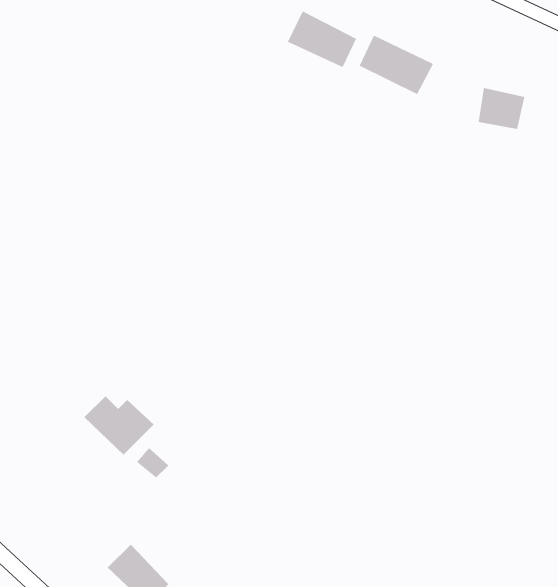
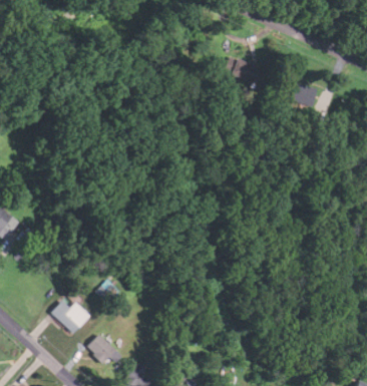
building: [287,11,357,68] -> none
building: [83,395,155,456] -> [50,300,89,333]

